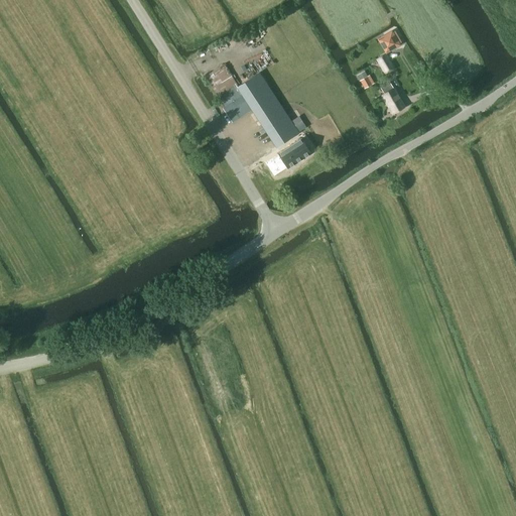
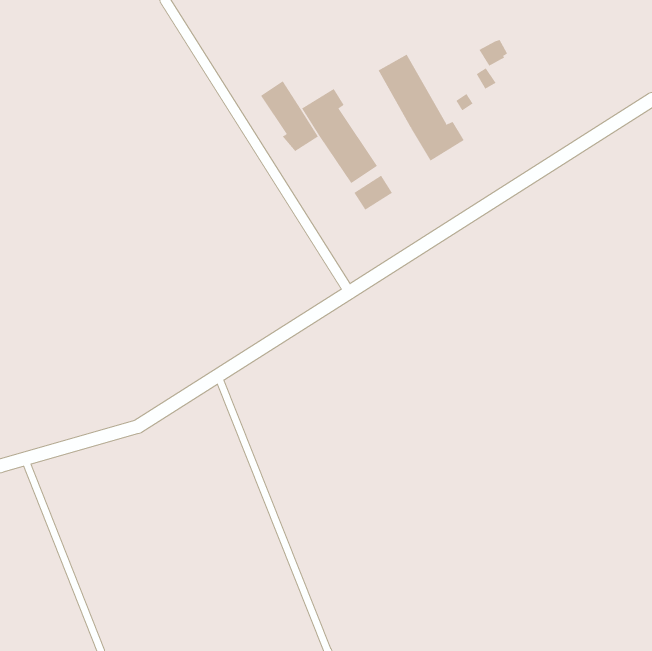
building: none -> [378,54,465,161]
building: [382,81,406,113] -> none

